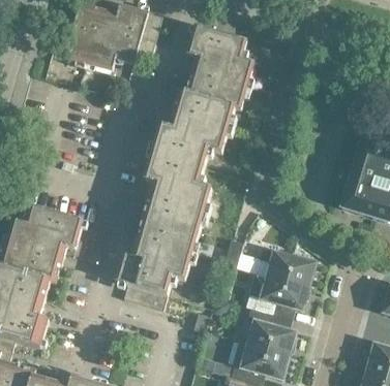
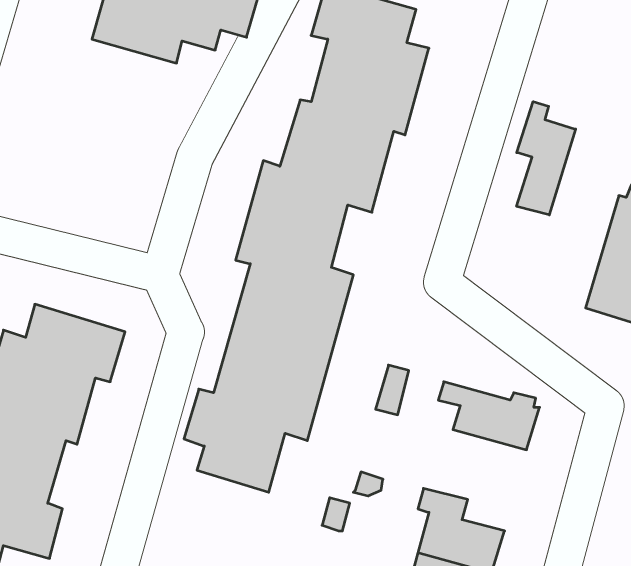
building: none -> [517,102,576,215]
building: [245,275,308,314] -> none

